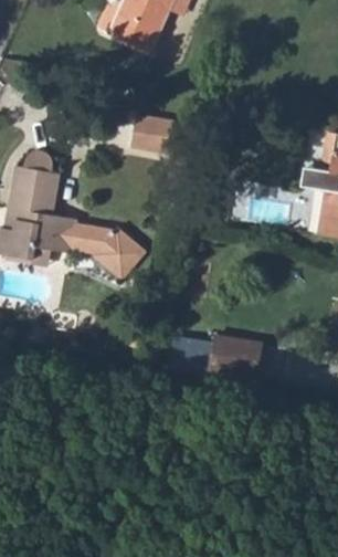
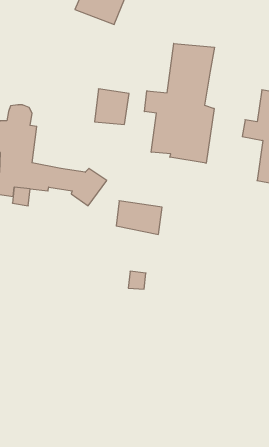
building: none -> [144,43,214,163]
building: [208,334,262,374] -> [116,201,162,234]

